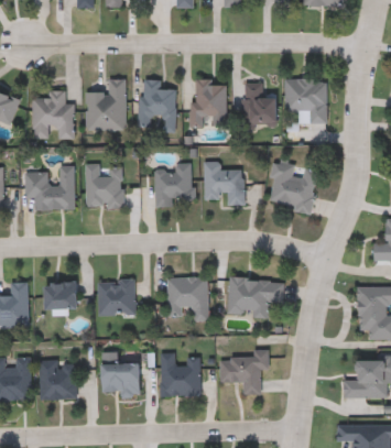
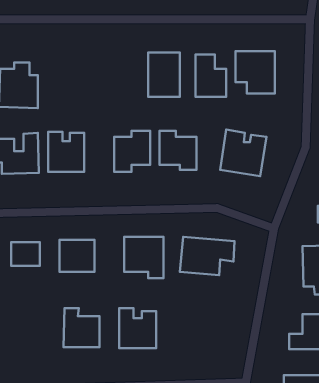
building: [86,79,126,130] -> none
building: [138,79,176,132] -> none
building: [219,349,269,394] -> none
building: [40,360,76,398] -> none

